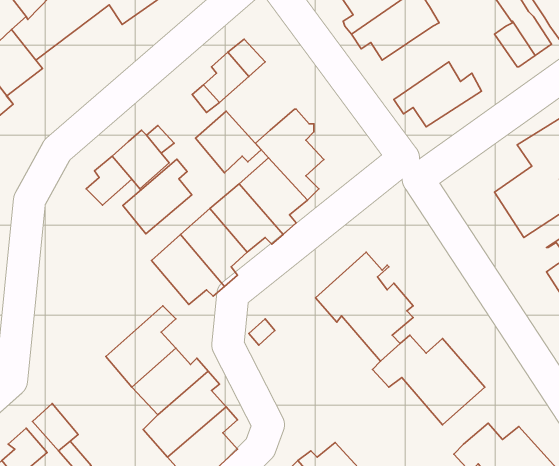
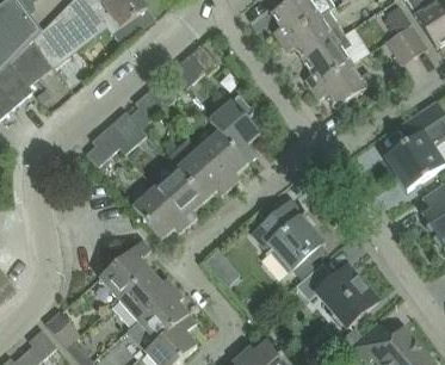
building: none -> [303,32,352,88]
building: [195,111,261,173] -> none
building: [123,159,192,234] -> none

